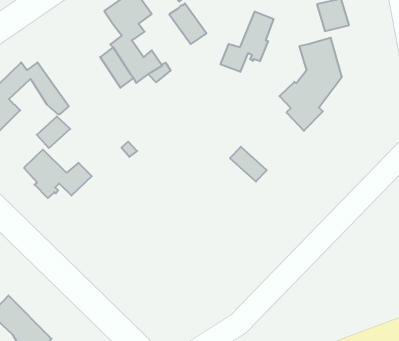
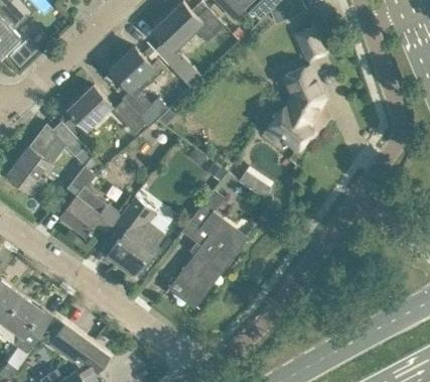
building: [220,11,274,72] -> none
building: none -> [65,86,112,128]
building: none -> [110,195,164,272]
building: none -> [165,189,247,298]

